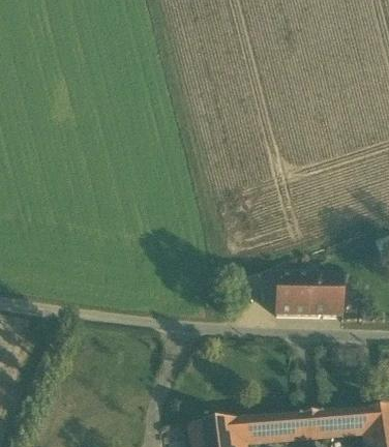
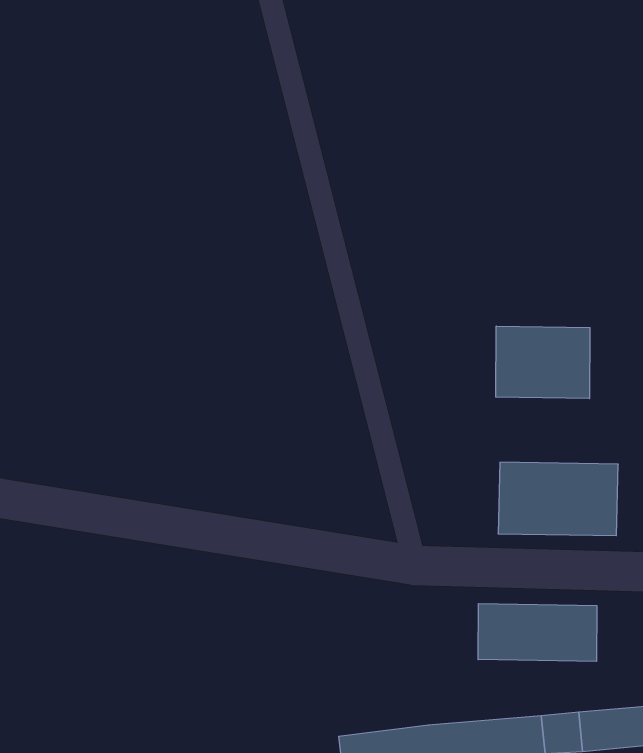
building: none -> [496,326,590,399]
building: none -> [478,604,597,661]

